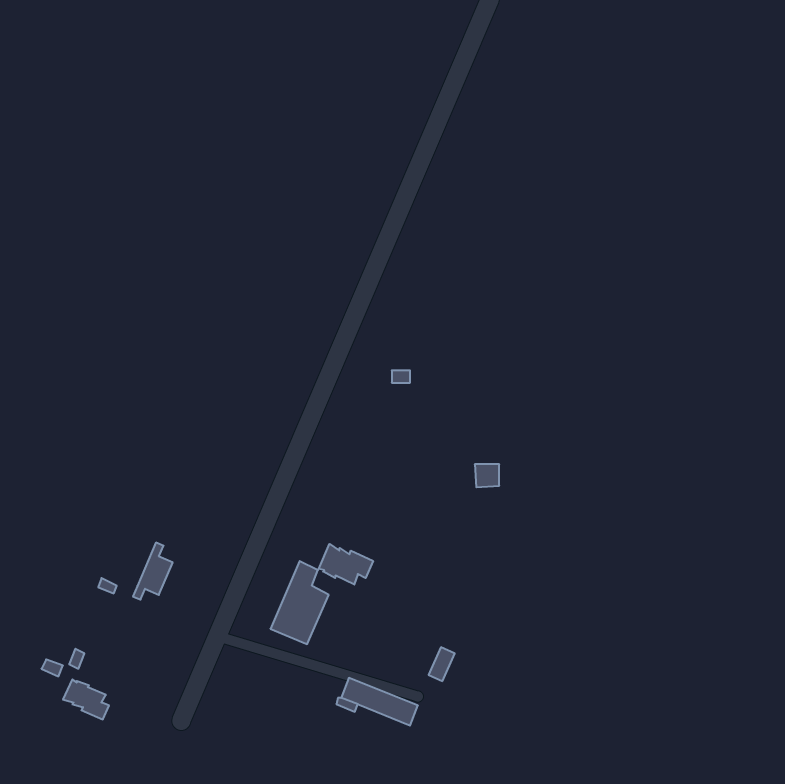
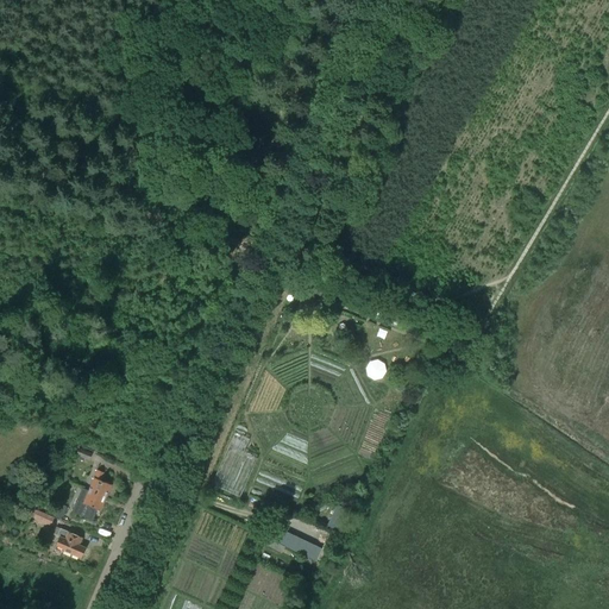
building: [133,543,173,600] -> [80,469,111,513]
building: [319,544,373,585] -> none

